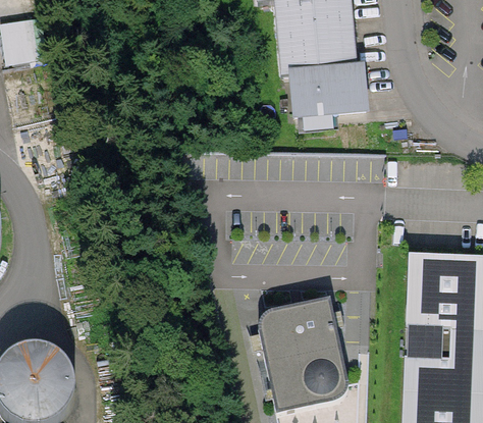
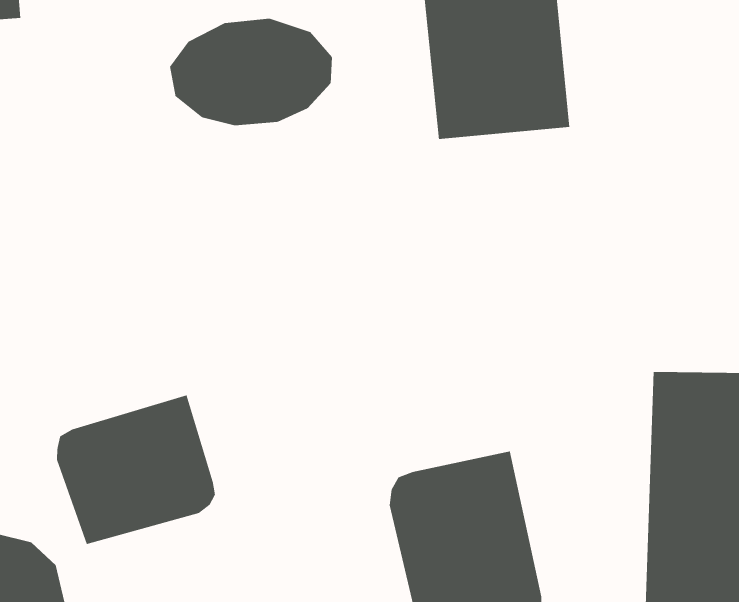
building: none -> [170,18,332,126]
building: none -> [56,394,216,545]

